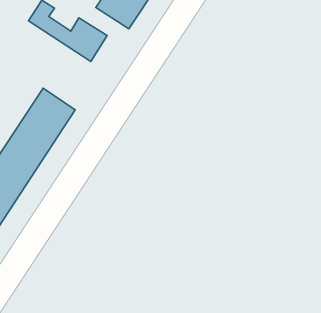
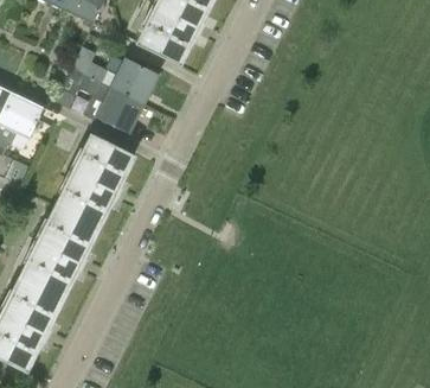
building: none -> [59,66,141,132]

